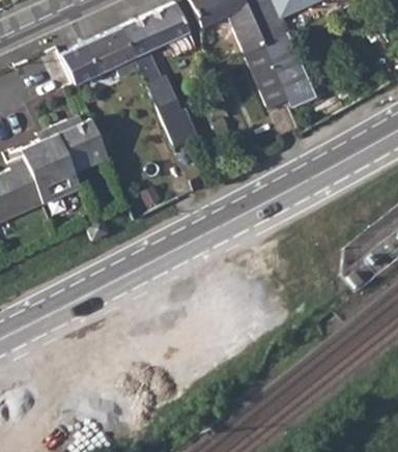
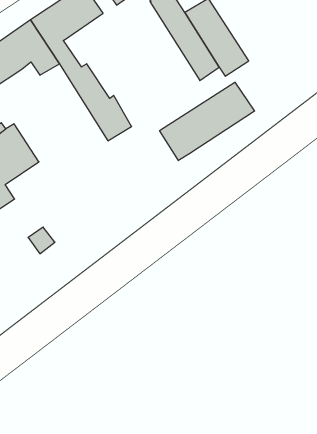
building: none -> [160,82,255,161]

